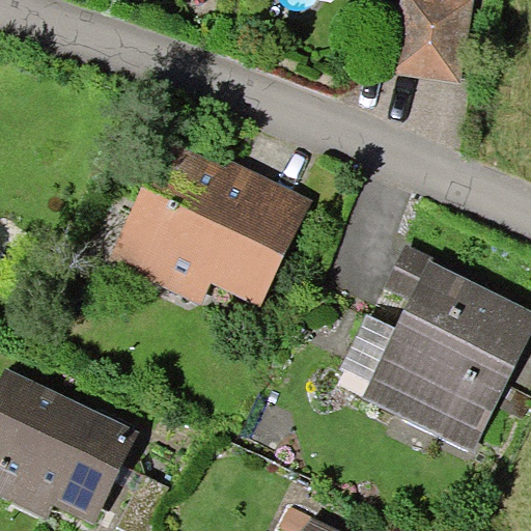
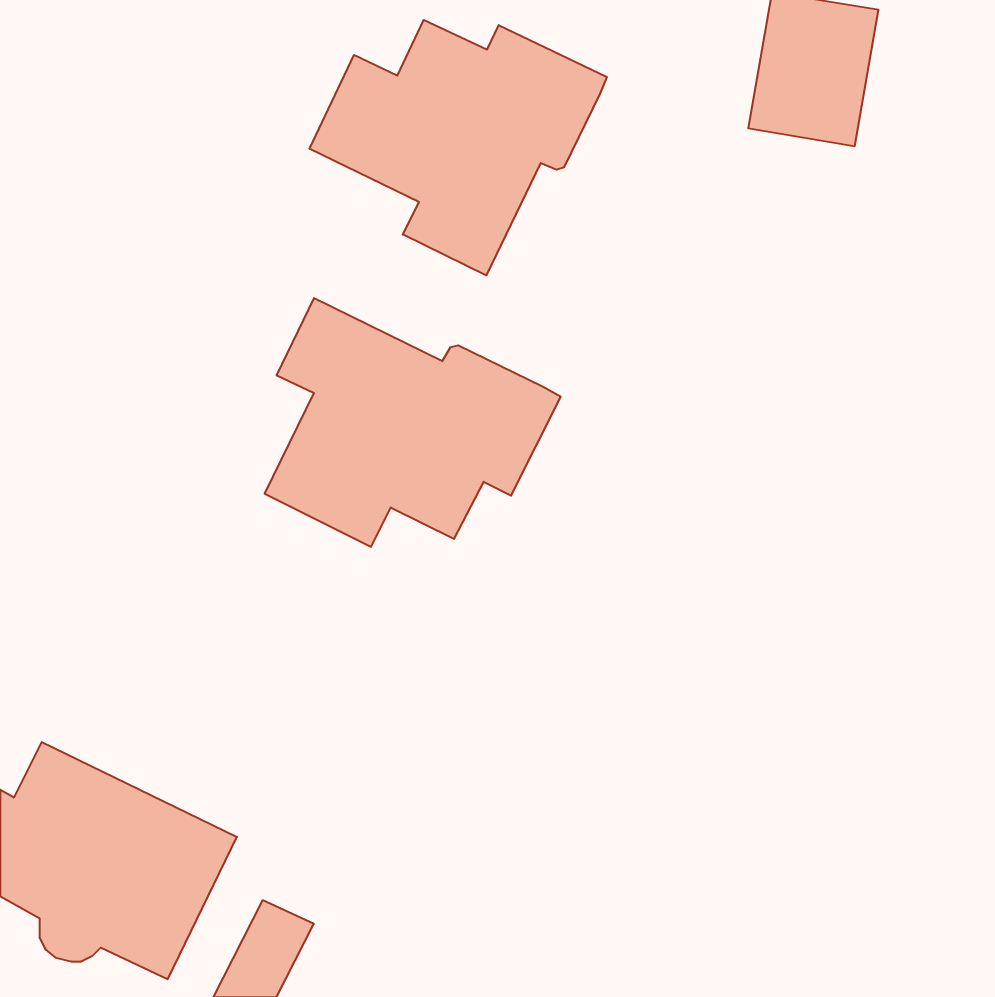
building: none -> [310,20,607,275]
building: [375,253,526,450] -> none

